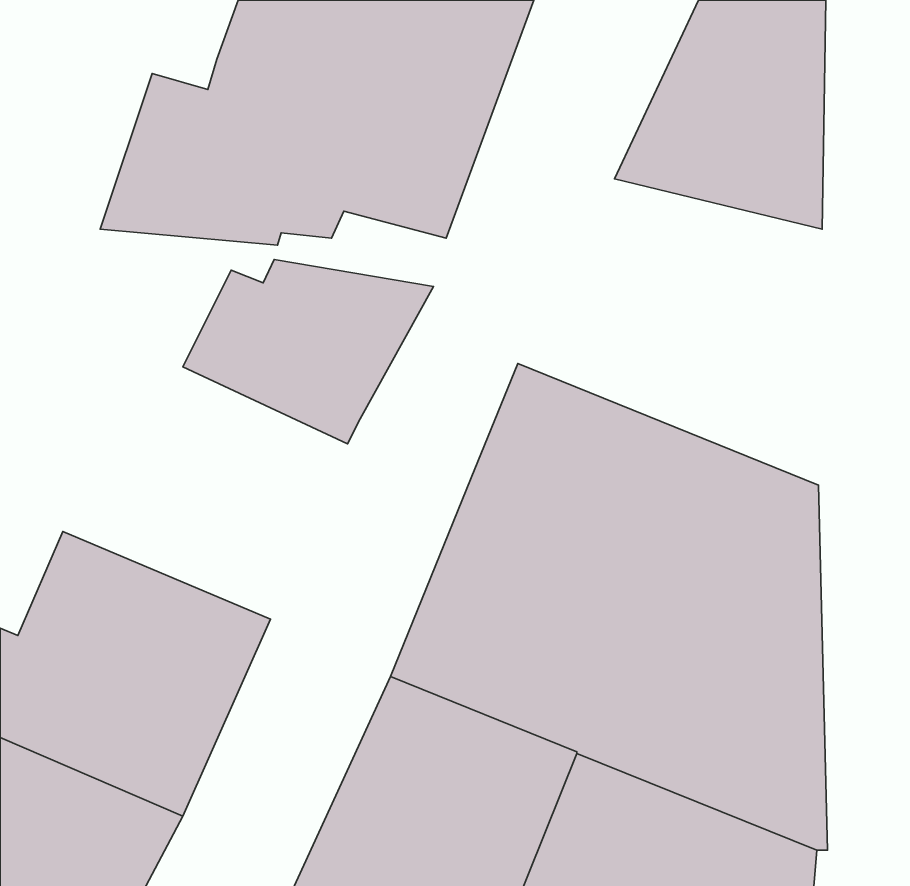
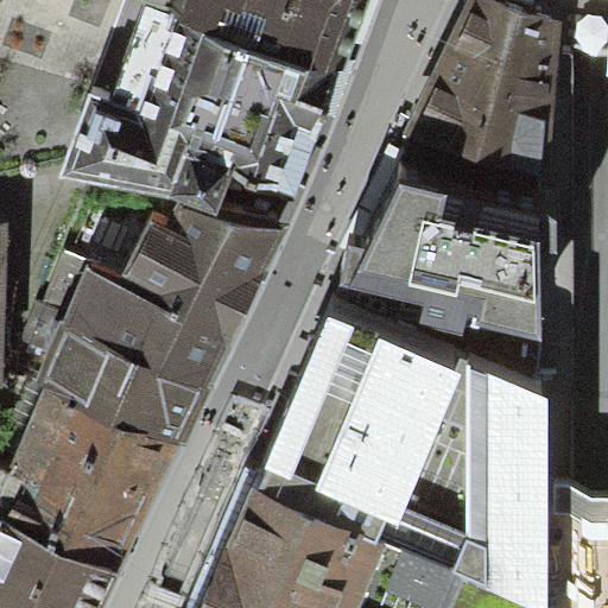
building: none -> [347,138,549,341]
building: none -> [45,248,234,430]

